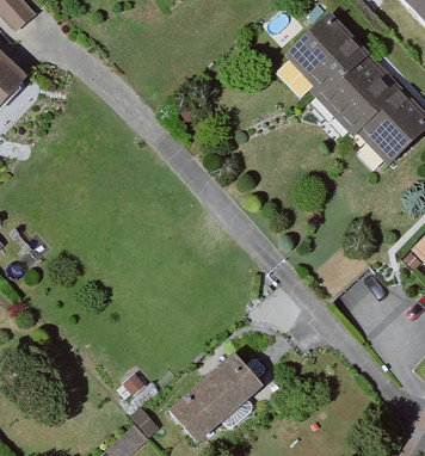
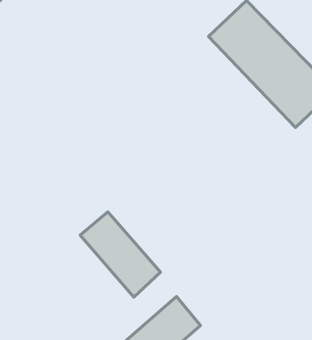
building: none -> [80,212,161,297]

